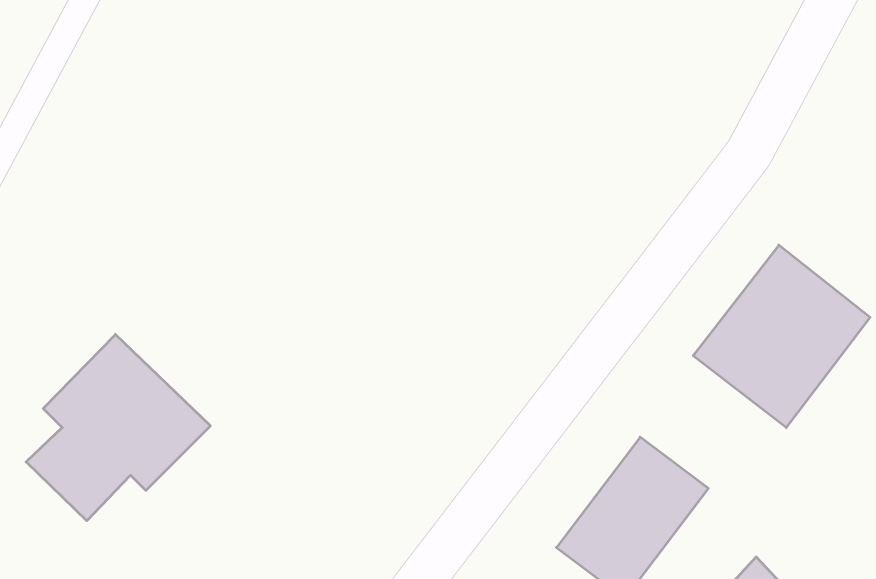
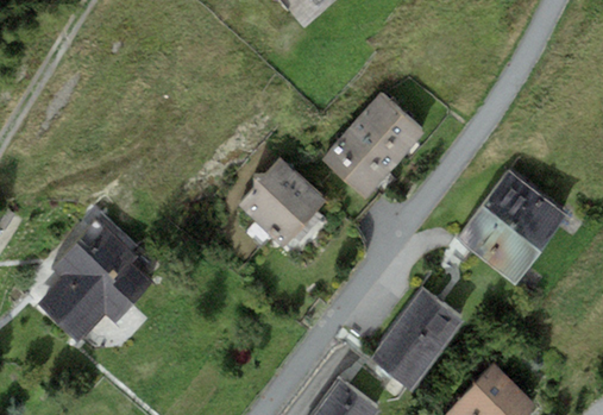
building: none -> [324,95,423,197]
building: none -> [238,158,326,246]

